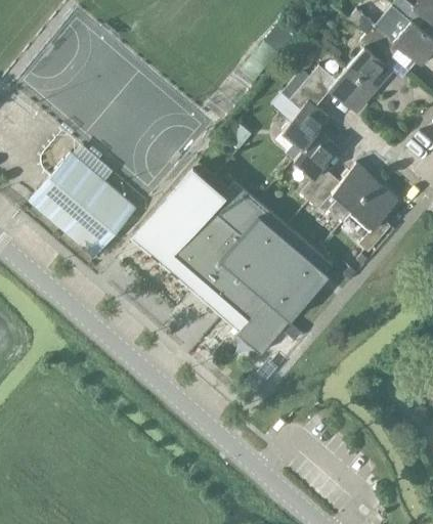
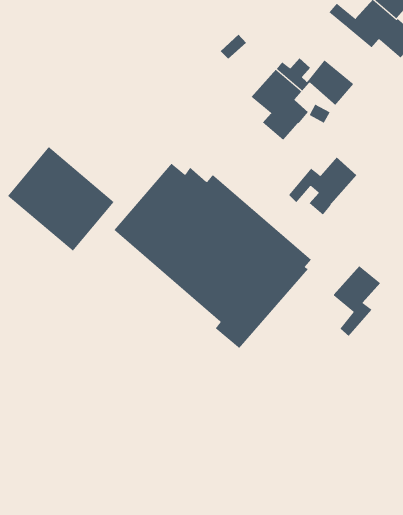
building: [344,35,391,92] -> none
building: [293,131,339,202] -> none
building: [351,182,398,253] -> [333,265,381,337]

